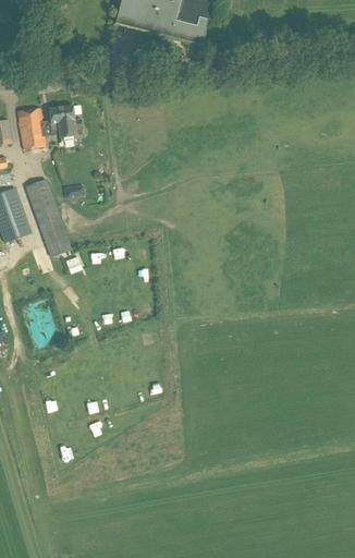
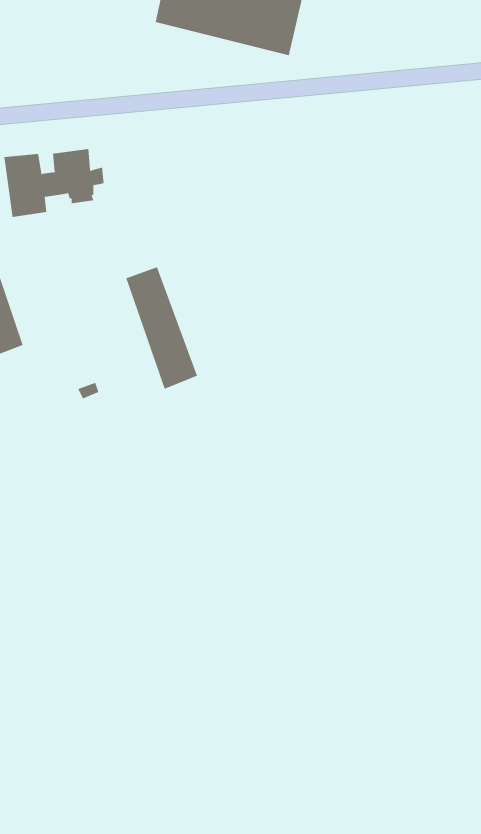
building: [25,177,72,256] -> [125,267,198,389]

